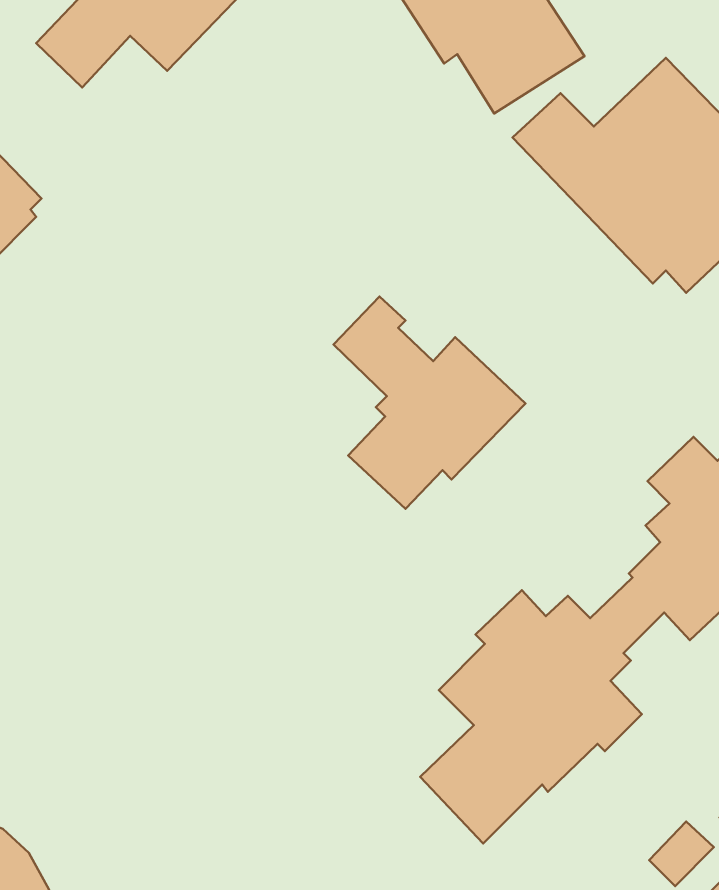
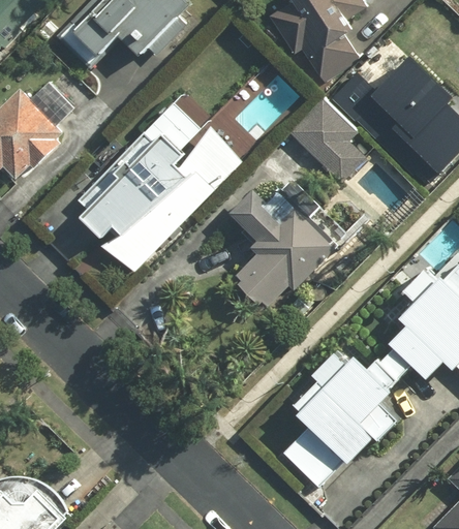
building: none -> [287,98,365,185]
building: none -> [75,101,239,263]

